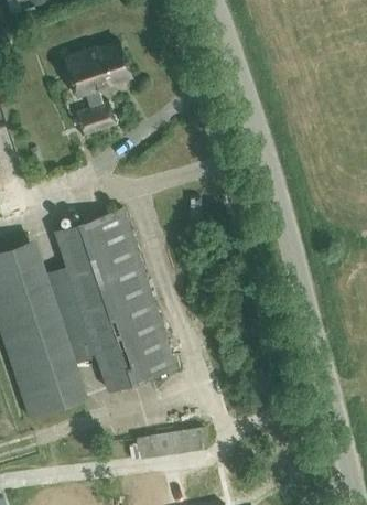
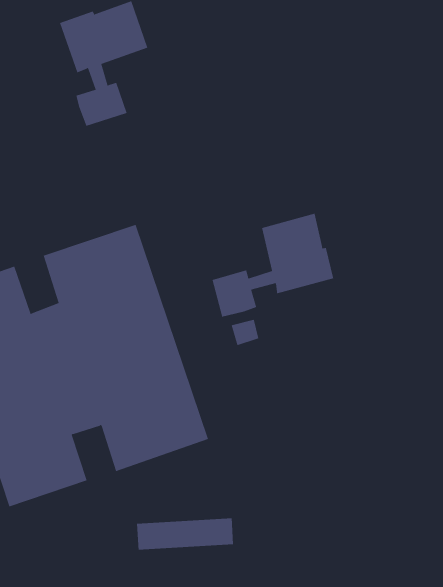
building: none -> [212,213,334,317]

